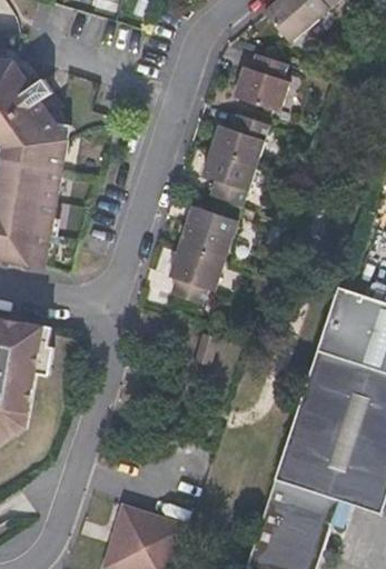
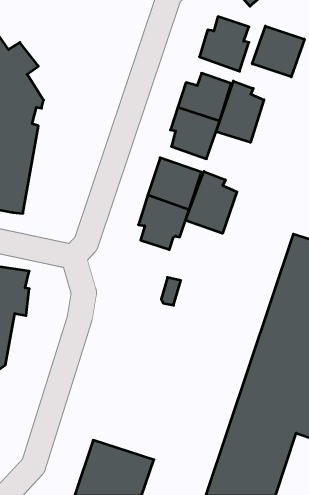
building: none -> [252,26,304,77]
building: none -> [216,81,264,142]
building: none -> [185,171,237,233]

